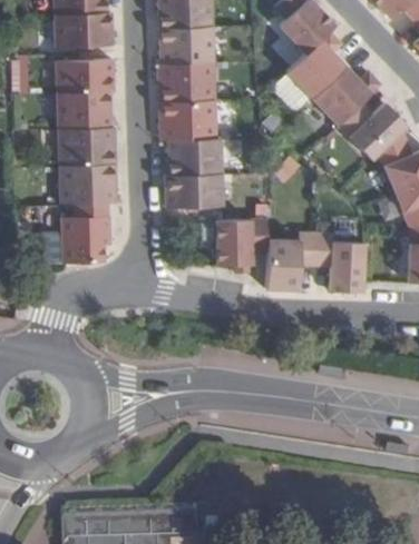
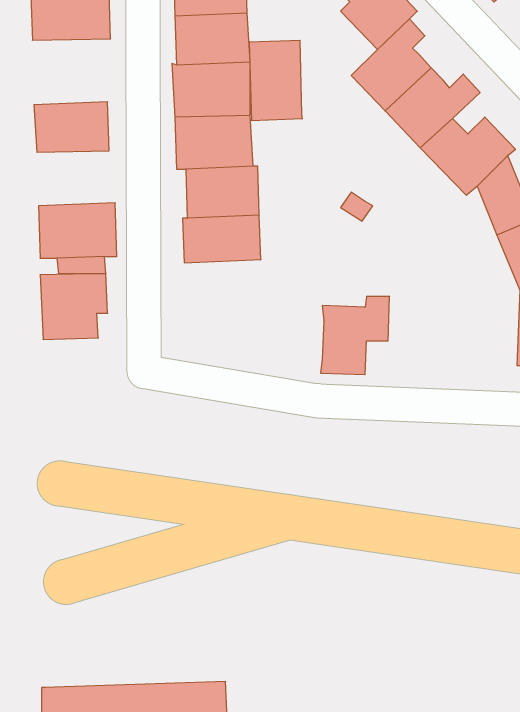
building: none -> [250,40,302,121]
building: [56,59,114,93] -> none
building: [59,127,116,167] -> none
building: [215,218,267,266] -> none
building: [314,233,363,291] -> none

